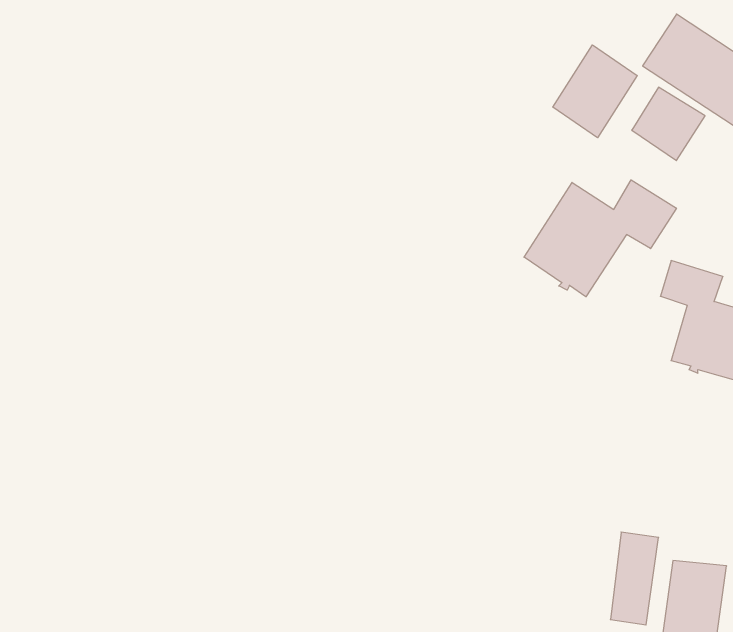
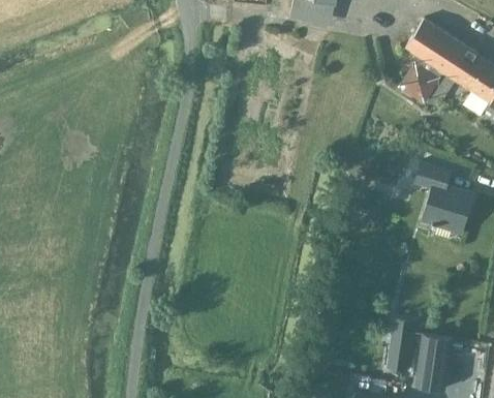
building: [553,45,637,138] -> none
building: [524,180,676,297] -> none

